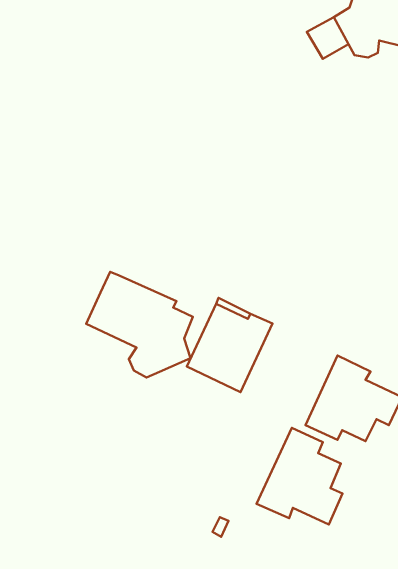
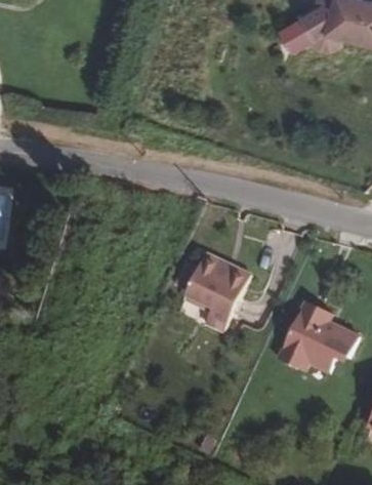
building: [86,272,193,378] -> none
building: [256,428,343,524] -> none

